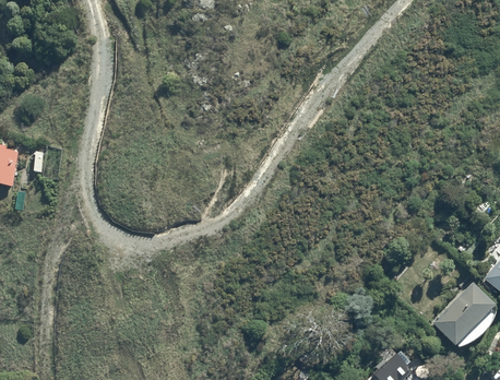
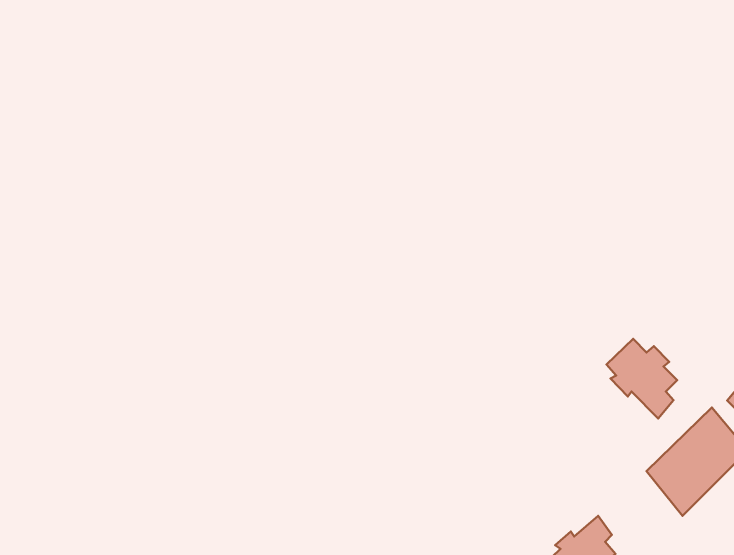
building: none -> [607,339,677,418]

